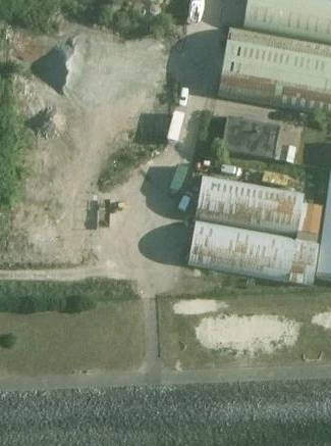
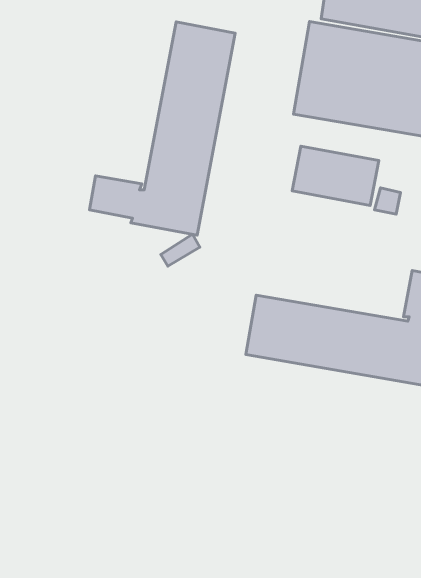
building: none -> [89,22,235,235]
building: [189,175,300,234] -> none

